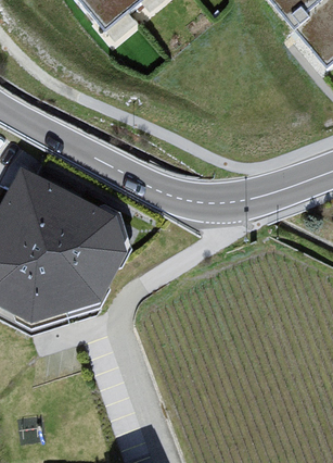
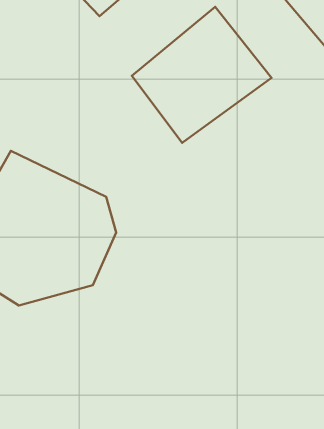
building: none -> [132,7,271,143]

